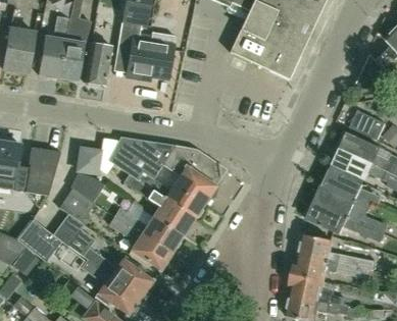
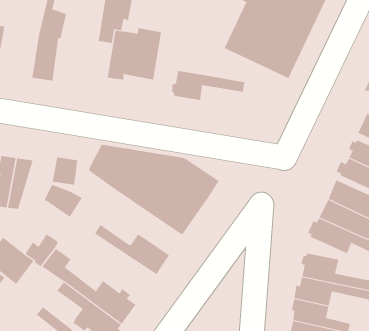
building: [38,16,69,77] -> none
building: [83,42,111,85] -> none
building: none -> [172,70,245,101]
building: [123,174,193,235] -> none
building: [58,188,94,222] -> none
building: [108,216,169,269] -> none

